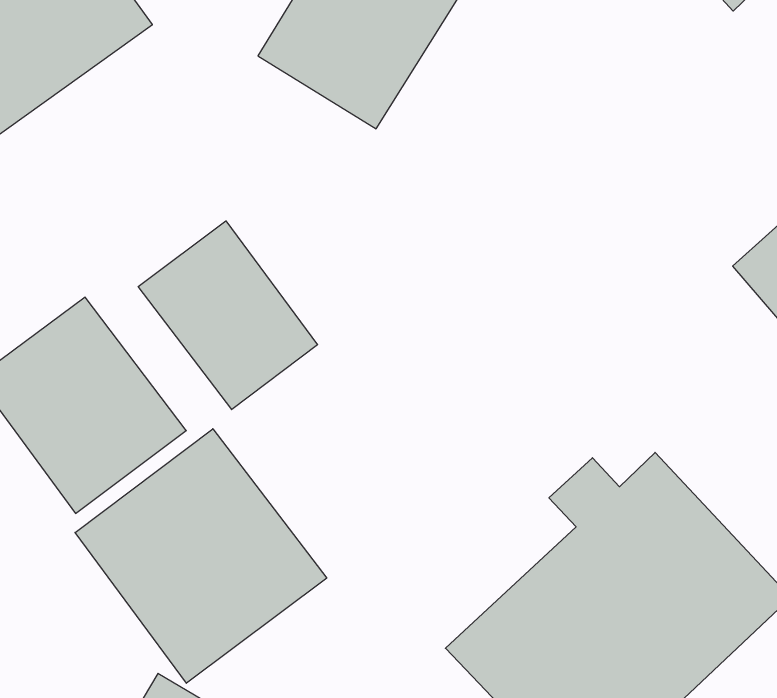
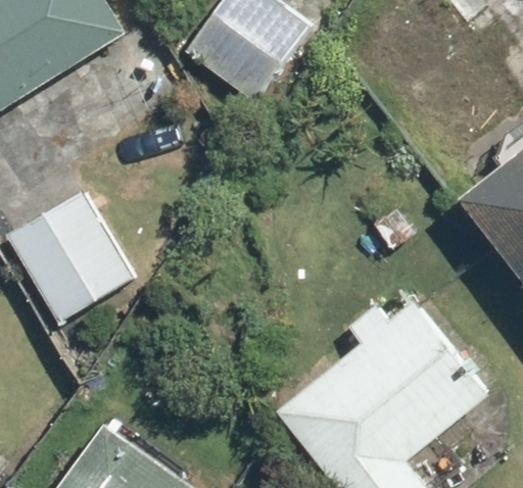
building: [138,221,318,410] -> none
building: [75,429,327,683] -> none

